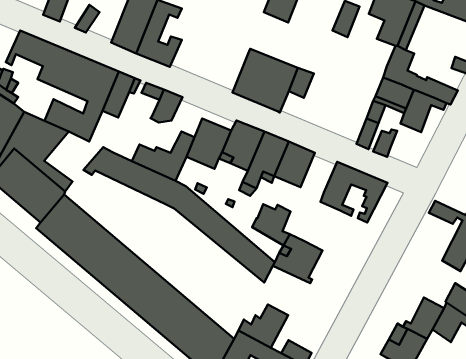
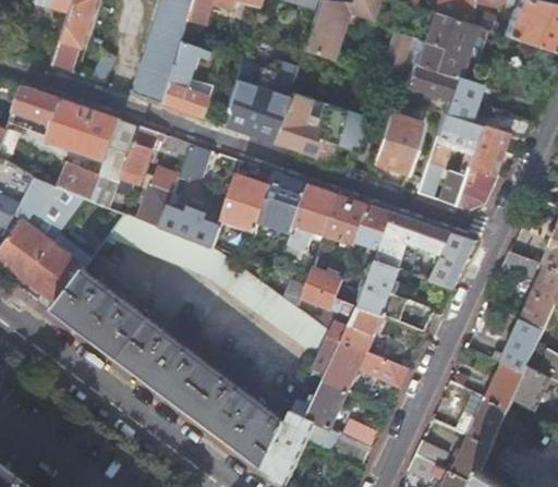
building: none -> [404,44,454,102]
building: none -> [222,80,287,143]
building: none -> [369,112,420,173]
building: none -> [140,168,181,228]
building: none -> [452,167,495,212]
building: none -> [355,206,396,251]
building: none -> [434,235,476,290]
building: none -> [363,261,435,333]
building: none -> [496,320,544,375]
building: none -> [312,338,409,393]

